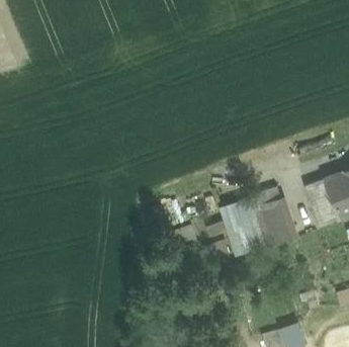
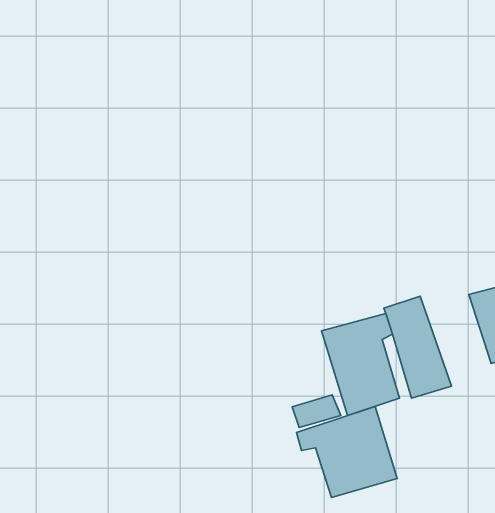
building: none -> [297,406,397,497]

